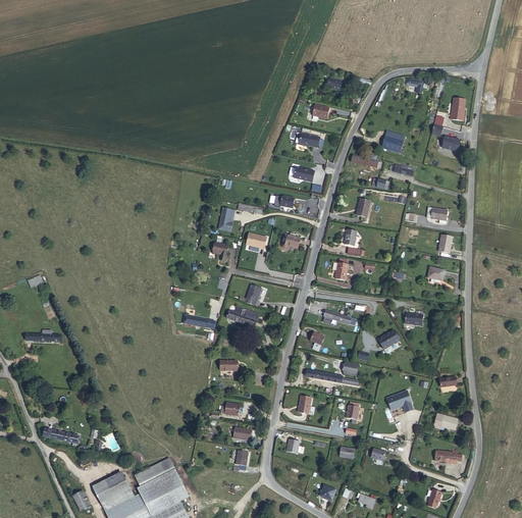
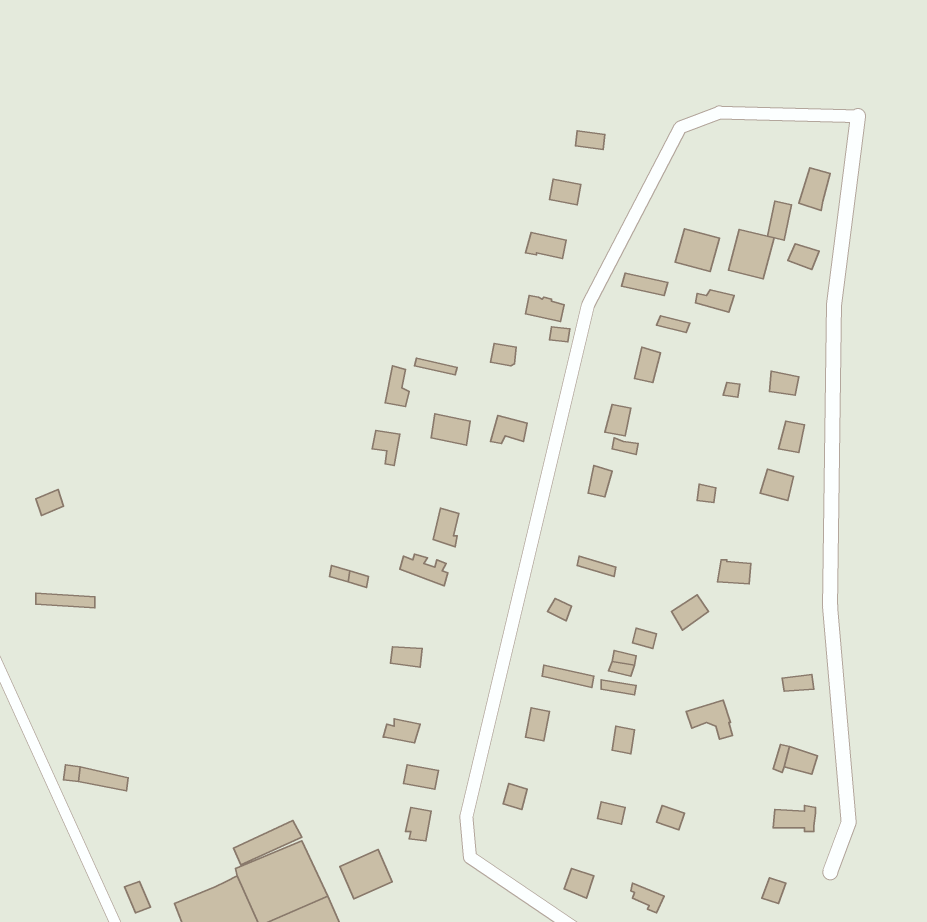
building: none -> [729,229,774,279]
building: [95,471,133,503] -> none
building: none -> [340,850,392,899]

